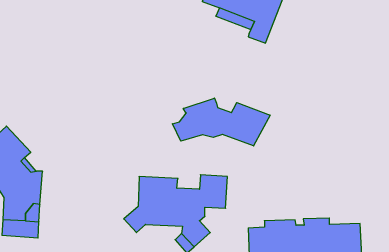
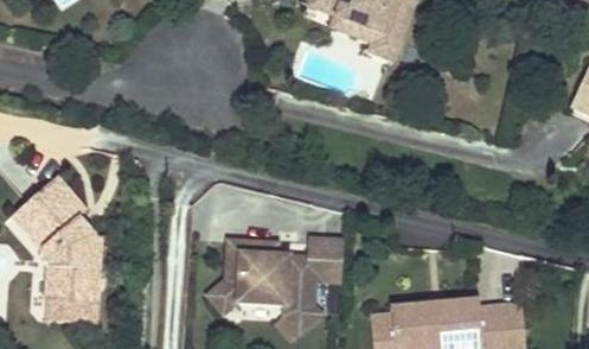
building: [172,98,270,146] -> none

